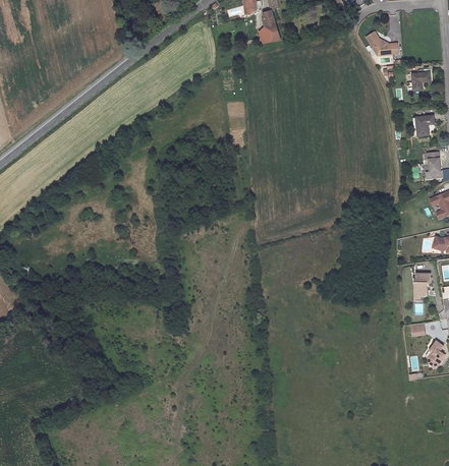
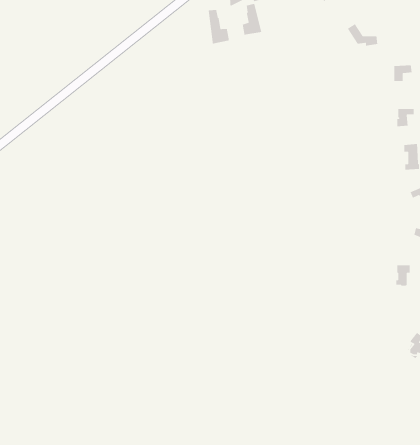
building: none -> [208,9,230,44]

